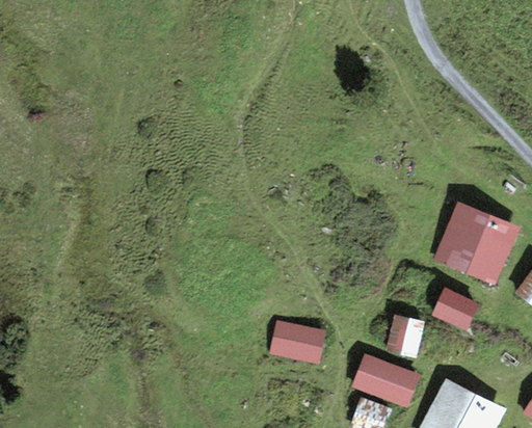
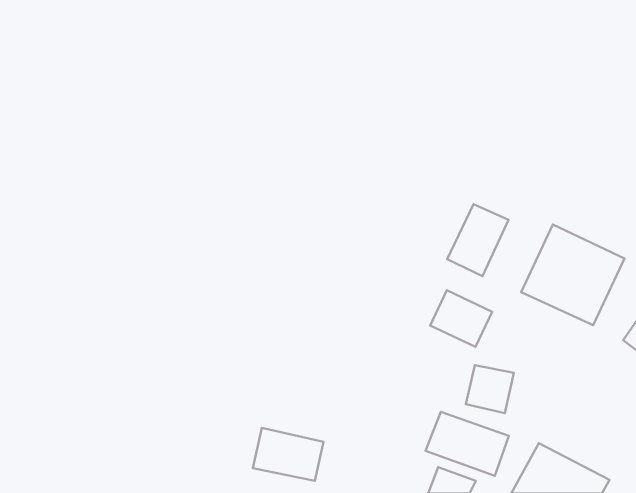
building: none -> [447,204,509,276]
building: [429,288,480,335] -> [430,290,492,347]
building: [269,321,327,365] -> [253,428,323,481]

